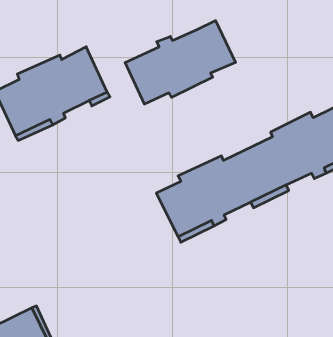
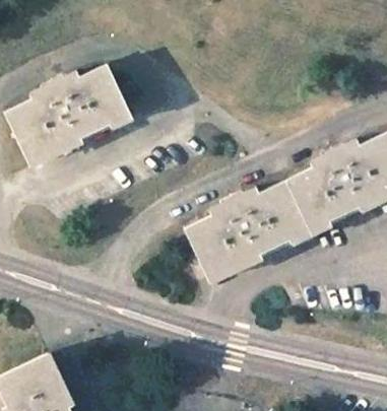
building: [125,21,236,104] -> none

